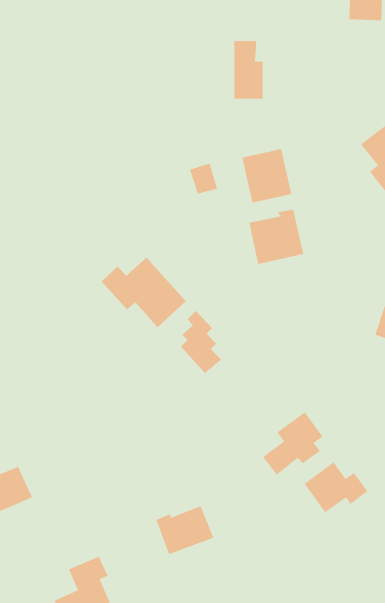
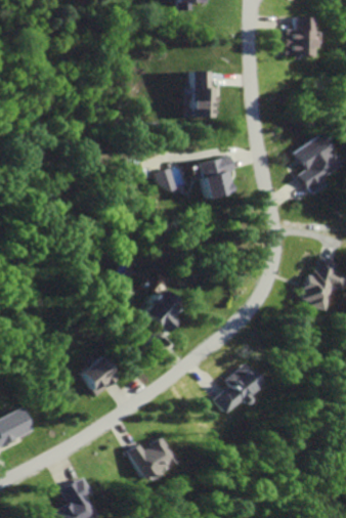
building: [249,209,304,265] -> none
building: [101,257,187,328] -> none
building: none -> [81,353,122,395]
building: [304,461,368,513] -> none

